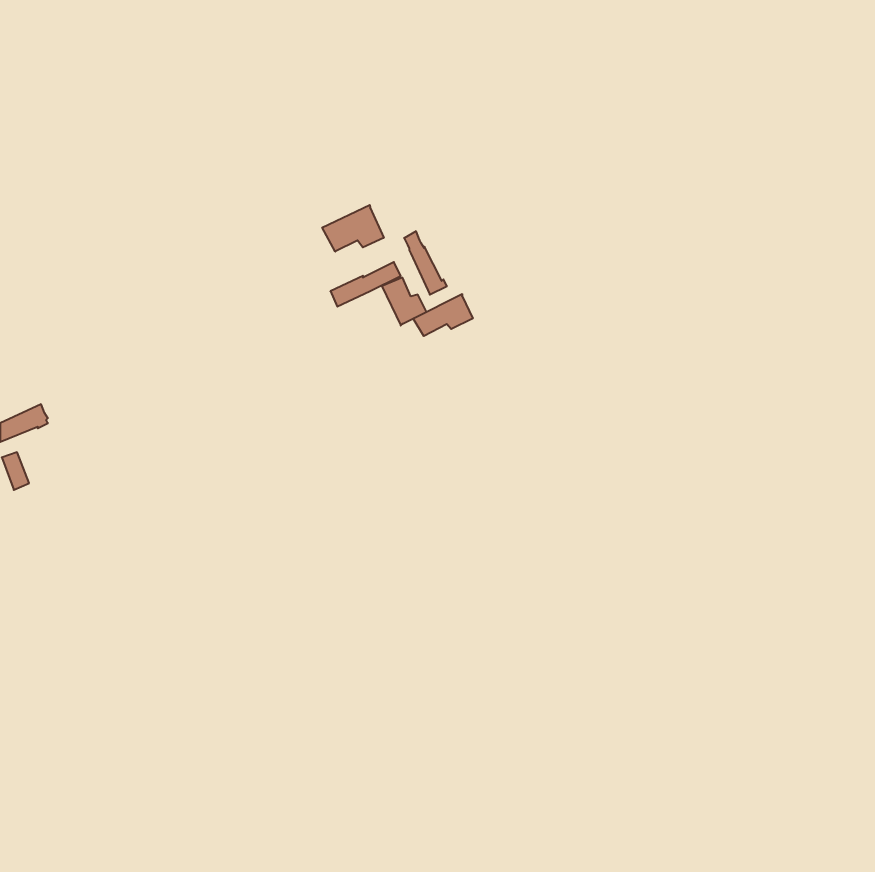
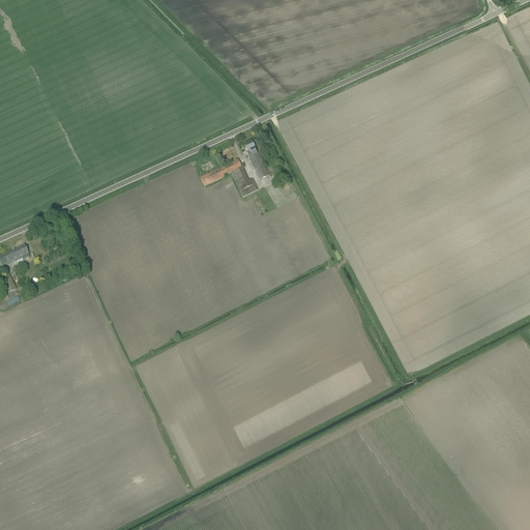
building: [322,205,384,252] -> none
building: [413,294,473,336] -> none

